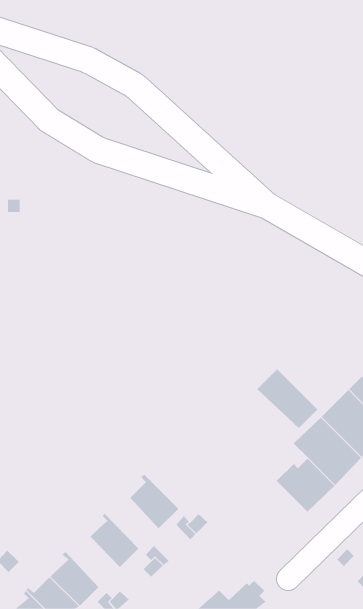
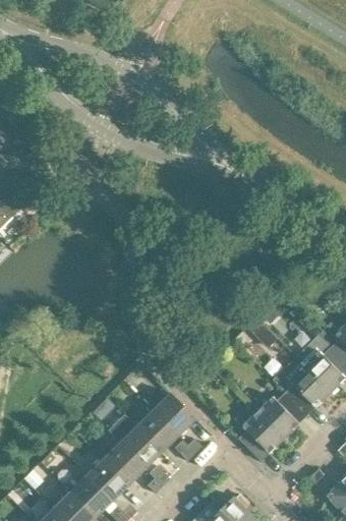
building: none -> [147,394,192,436]
building: none -> [237,412,284,462]
building: none -> [105,414,159,469]
building: none -> [80,459,126,502]

